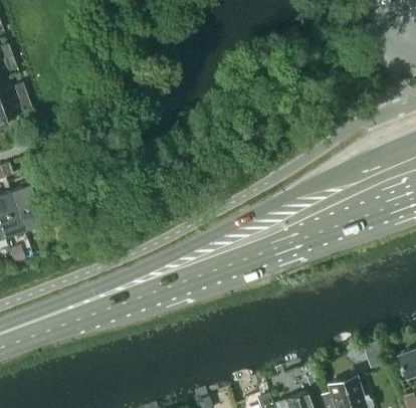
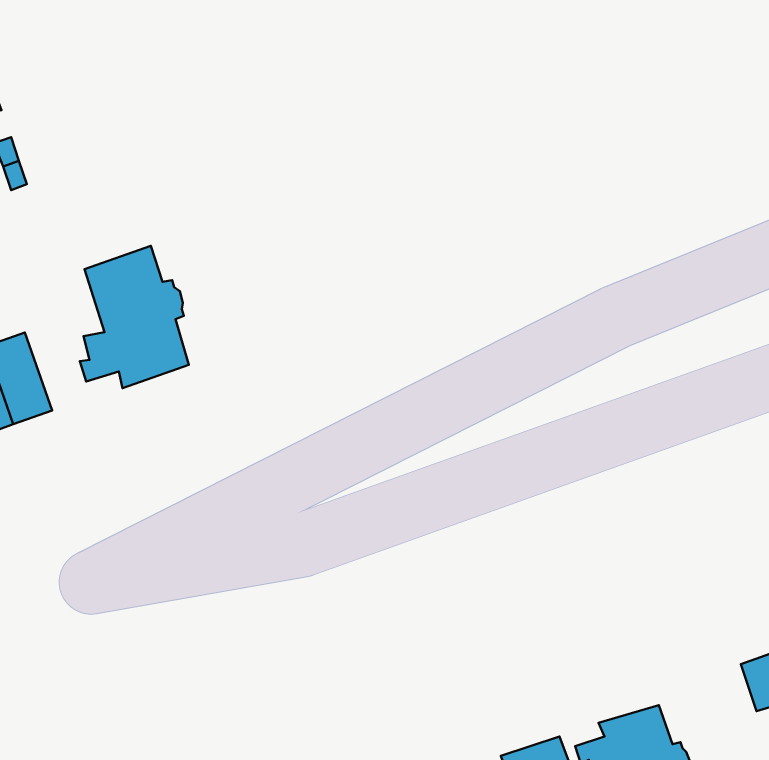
building: none -> [80,246,189,388]

